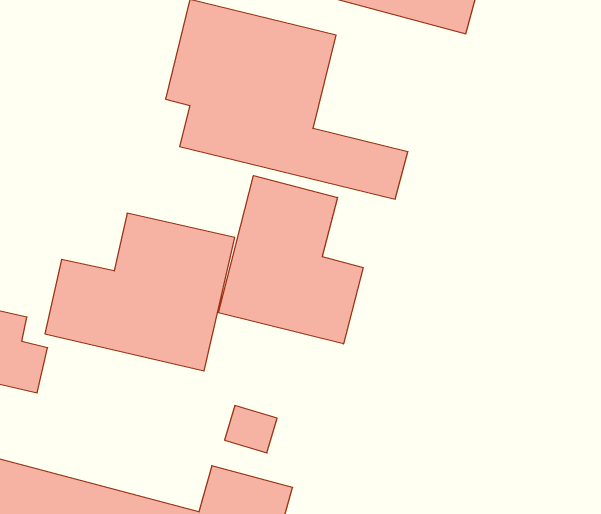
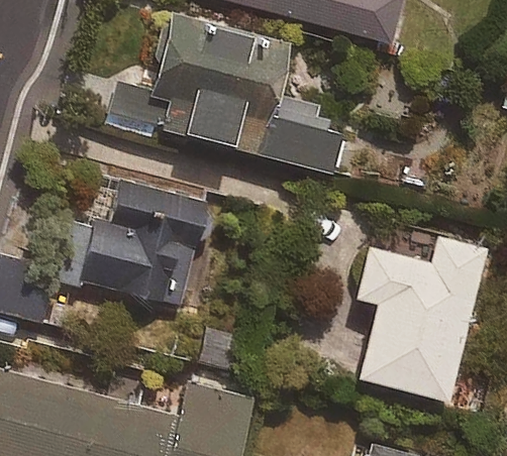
building: [219,176,363,344] -> none
building: none -> [359,234,485,397]

